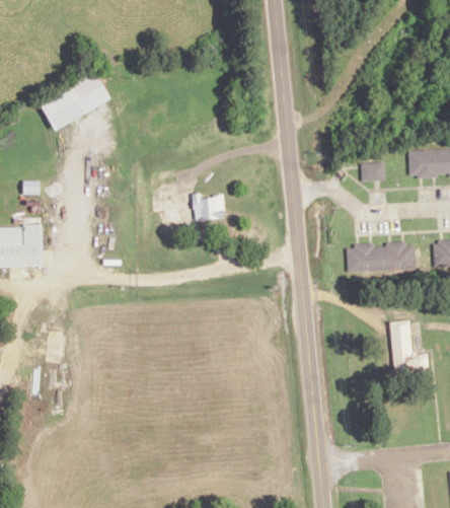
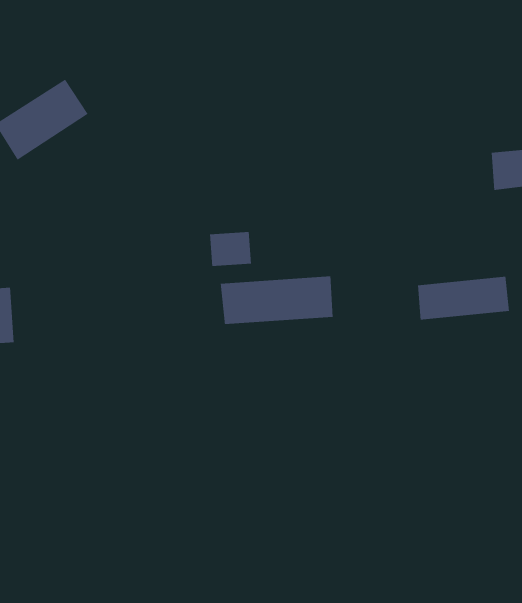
building: [361,162,385,180] -> none
building: none -> [220,276,333,325]
building: [390,320,413,368] -> none

